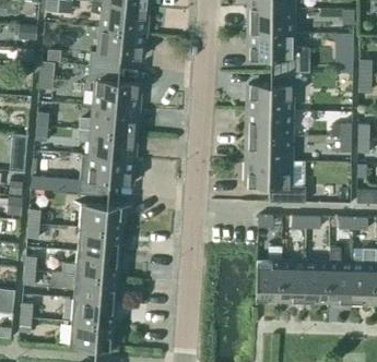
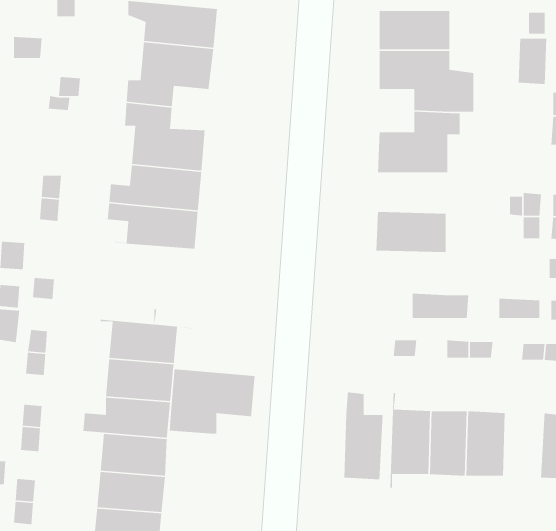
building: [248,111,293,136] -> none
building: [79,155,133,196] -> [169,369,255,434]
building: [247,160,292,188] -> none
building: [328,248,353,303] -> [344,392,384,480]

